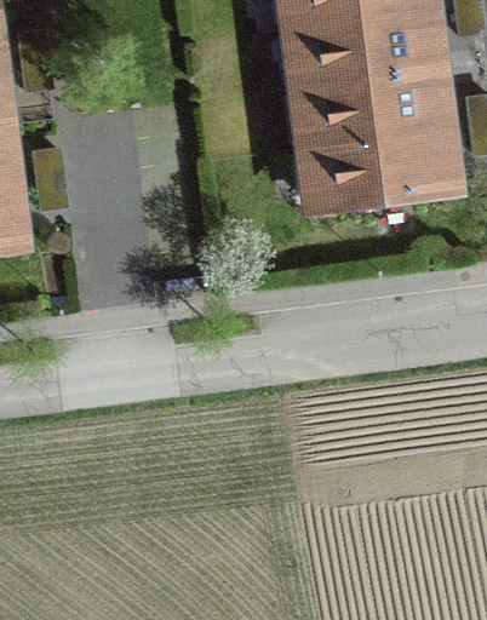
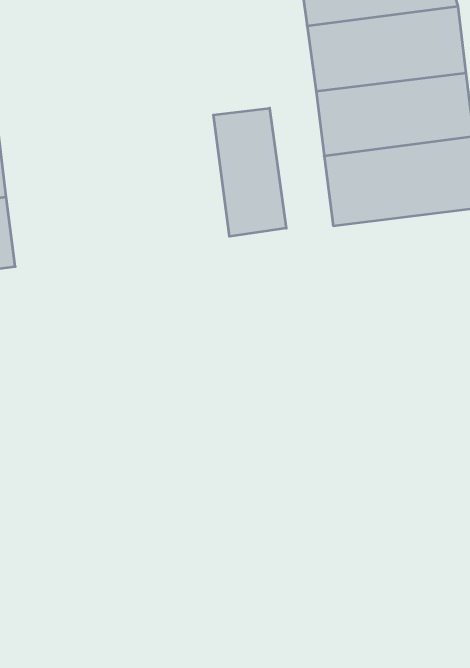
building: none -> [213,108,286,236]

